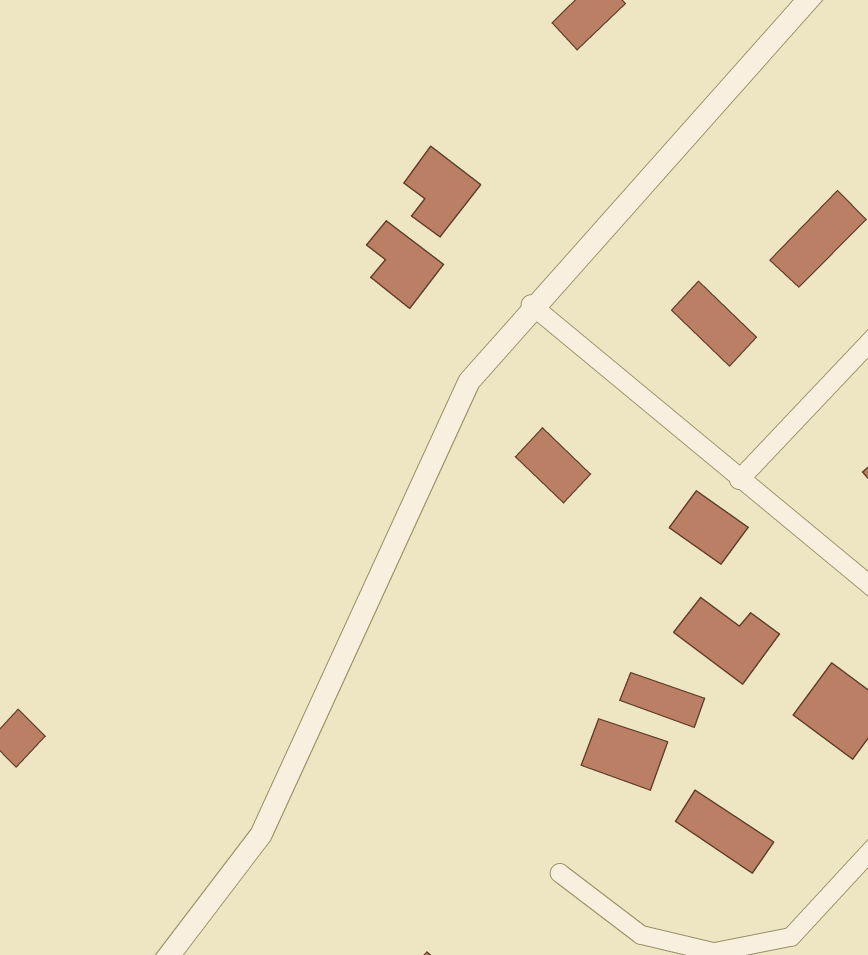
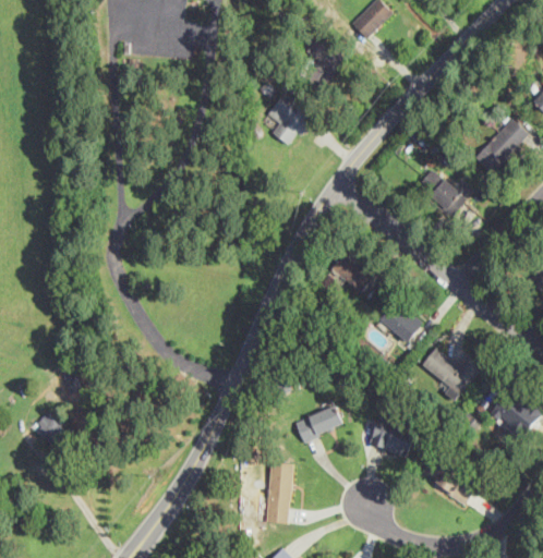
building: [367,221,444,308] -> none
building: [669,491,748,564] -> [378,302,423,343]
building: [620,673,704,727] -> none
building: none -> [294,404,345,445]
building: none -> [265,461,294,524]

